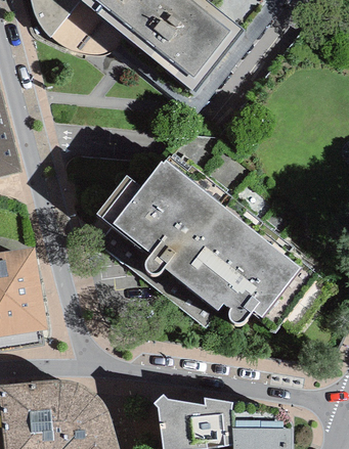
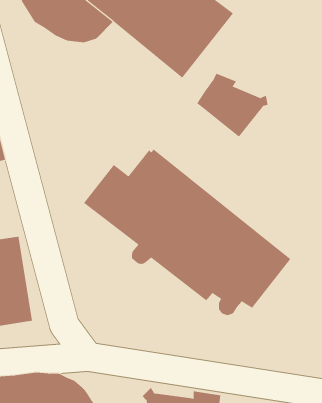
building: none -> [197,73,268,138]

